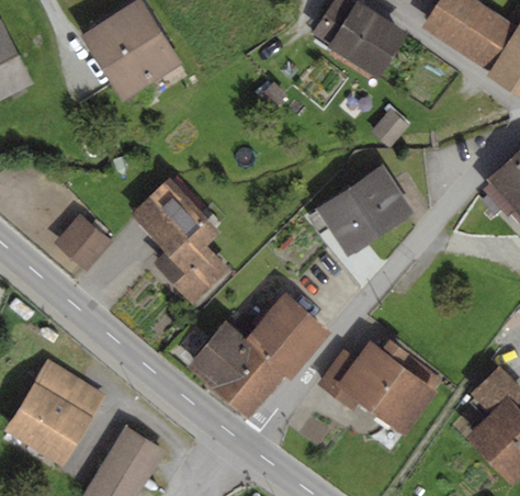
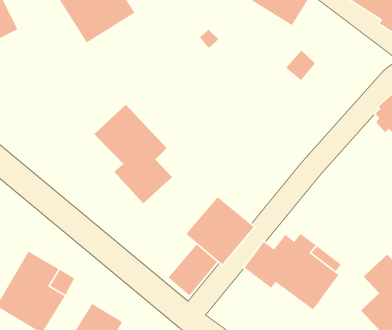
building: [307,165,415,257] -> none
building: [54,214,112,272] -> none
building: [186,320,258,395] -> none

